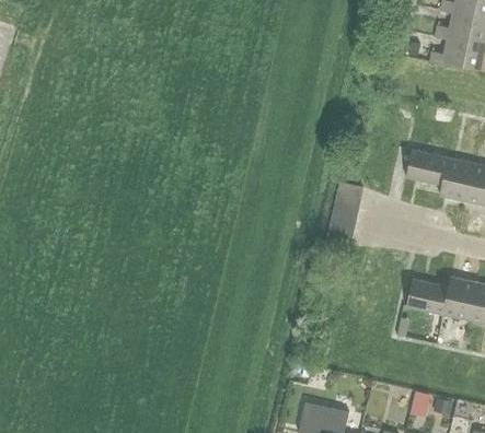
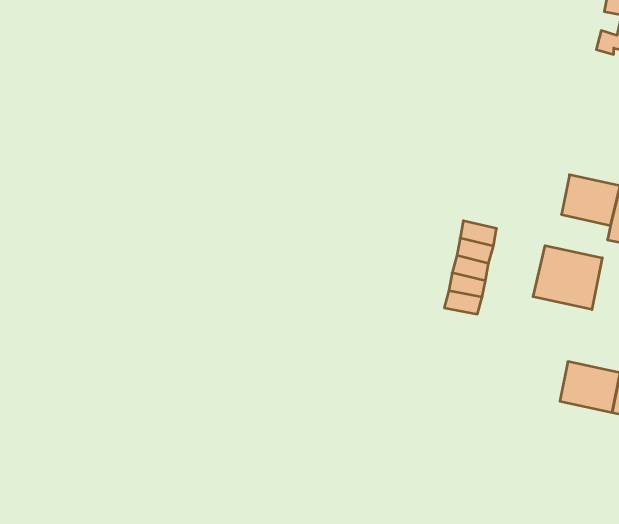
building: none -> [533,246,602,310]

